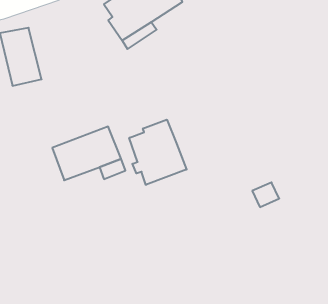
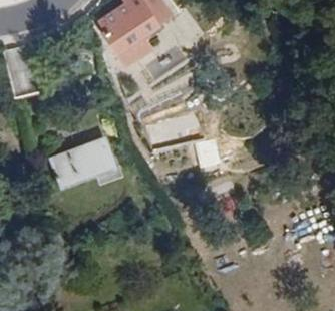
building: [129,120,187,185] -> none

